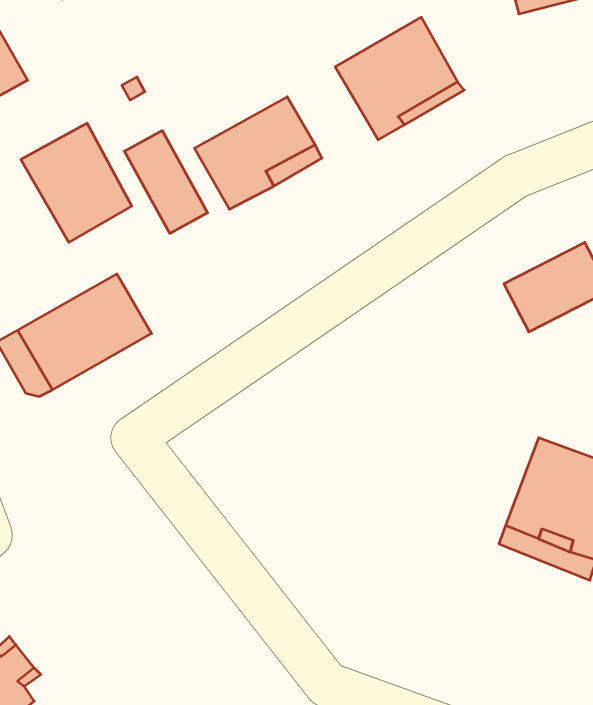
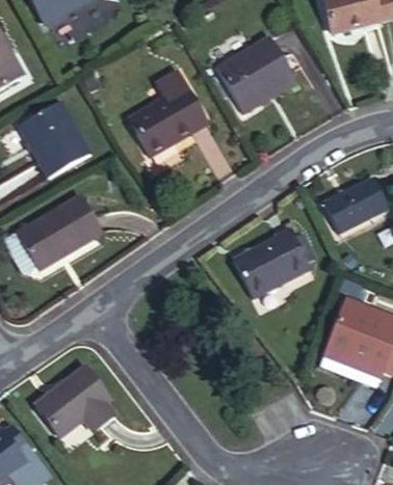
building: [124,131,208,233] -> none
building: none -> [233,228,311,296]
building: none -> [34,366,114,435]

